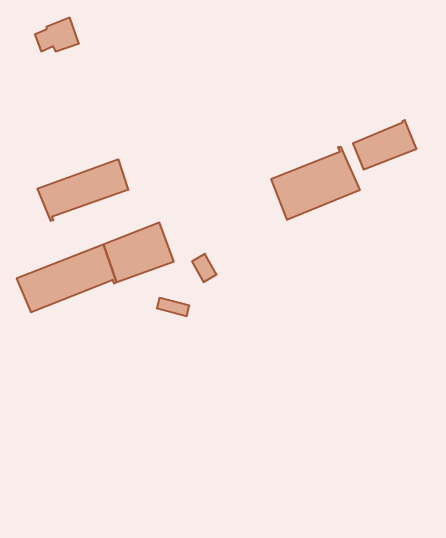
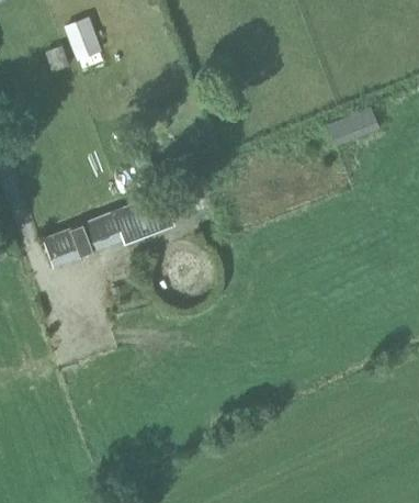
building: [271,147,360,220] -> none
building: [37,159,128,221] -> none

